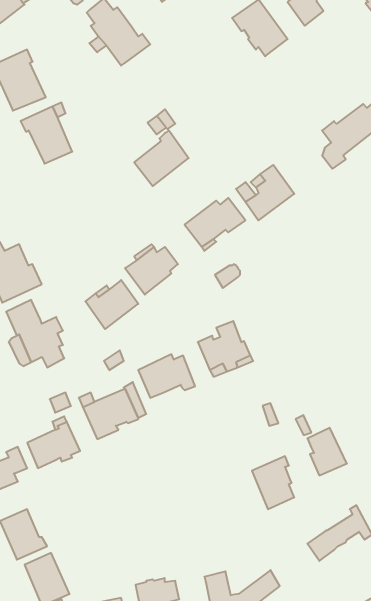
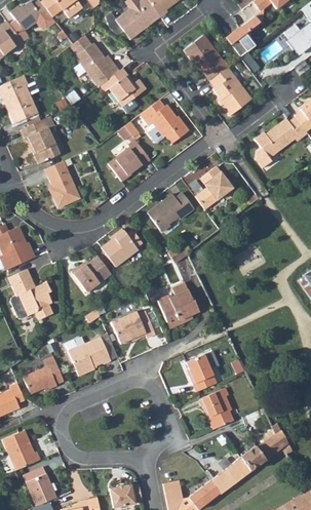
building: none -> [209,67,250,113]
building: none -> [101,69,147,101]
building: none -> [140,100,189,143]
building: none -> [44,161,80,208]
building: [307,428,347,475] -> [186,356,217,393]
building: none -> [213,458,251,493]

